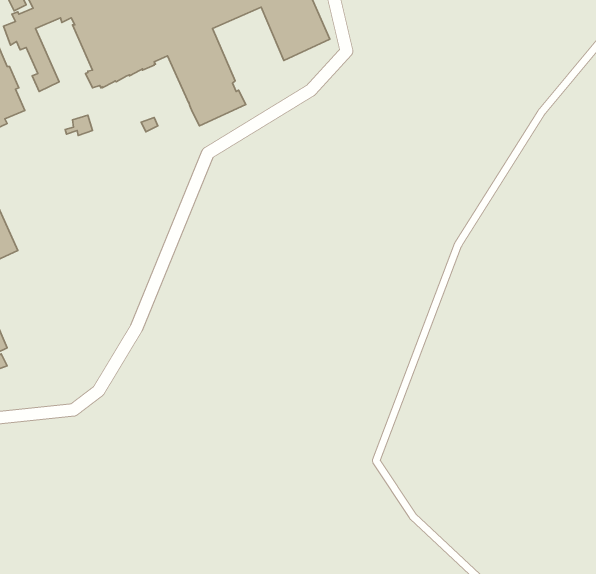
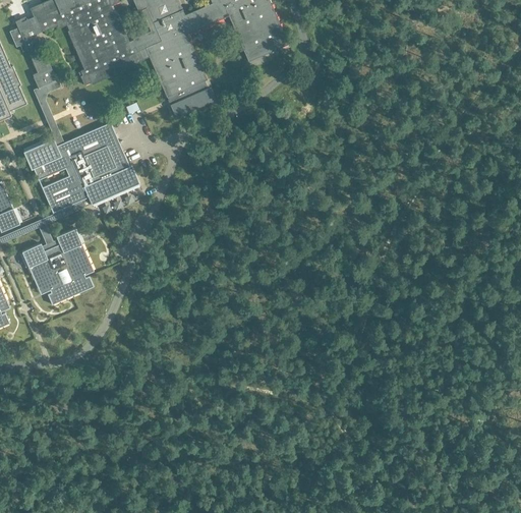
building: none -> [22,79,138,213]
building: none -> [22,228,94,304]

